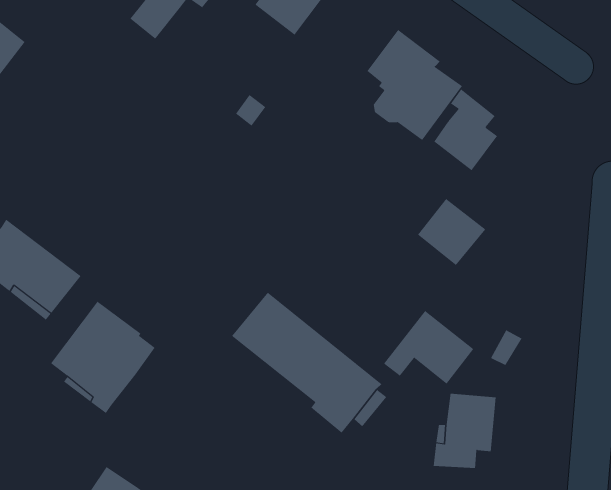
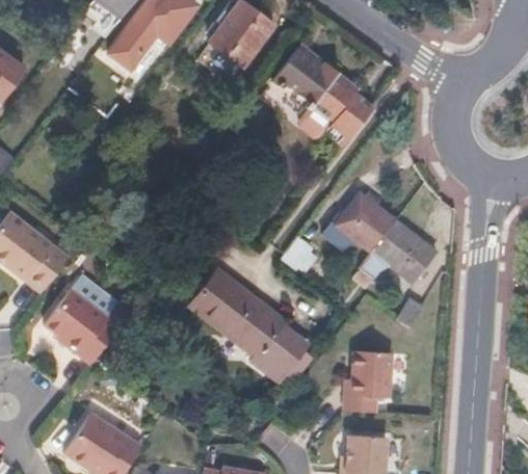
building: none -> [272,45,322,93]
building: [434,89,498,171] -> none
building: [383,310,474,384] -> [362,221,434,281]

